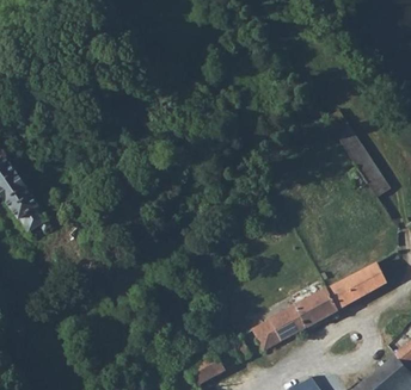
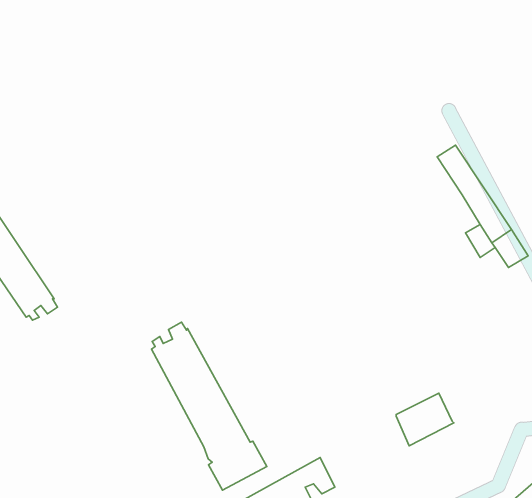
building: none -> [151,322,267,490]
building: [326,262,386,309] -> none
building: [252,305,305,348] -> none

